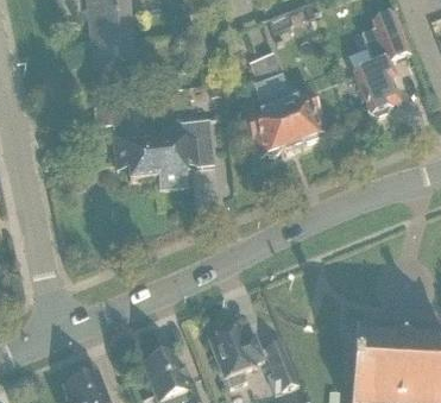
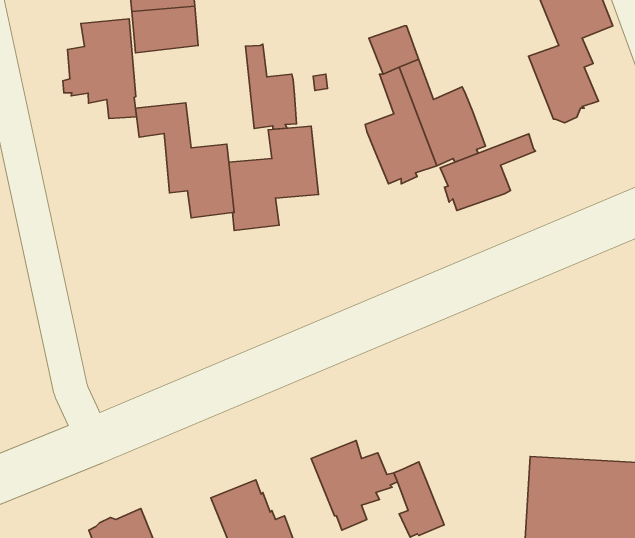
building: none -> [63,19,136,119]
building: none -> [246,44,296,129]
building: none -> [440,134,536,210]

